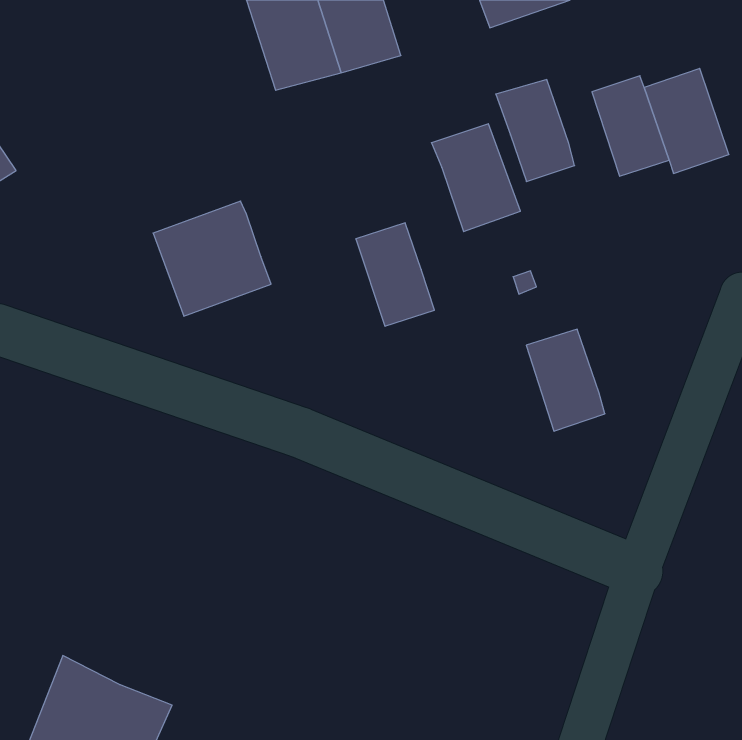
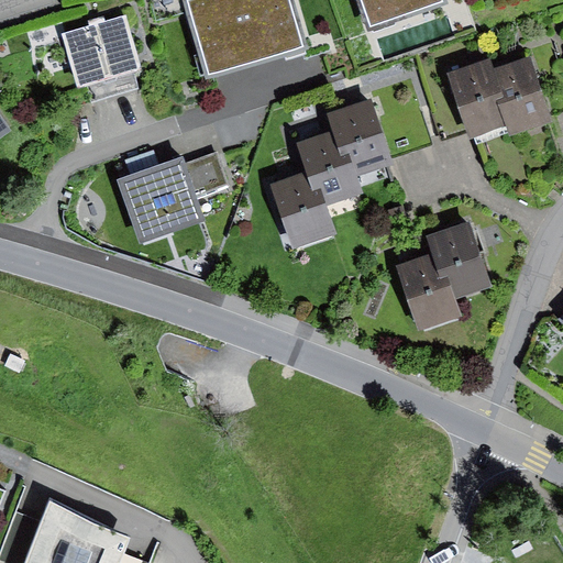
building: none -> [60,15,141,88]
building: [496,80,575,182] -> [295,130,354,207]
building: none -> [186,154,228,197]
building: none -> [429,220,492,300]

